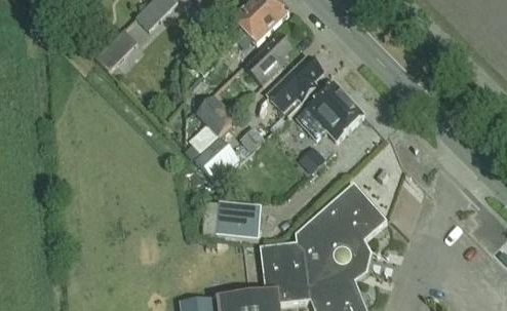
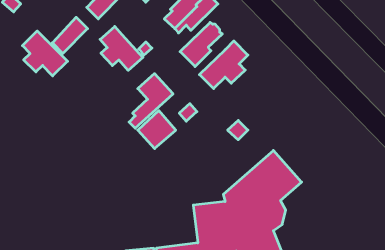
building: none -> [100,26,143,70]
building: none -> [22,31,68,76]
building: [299,82,363,140] -> none
building: [202,200,259,236] -> none

